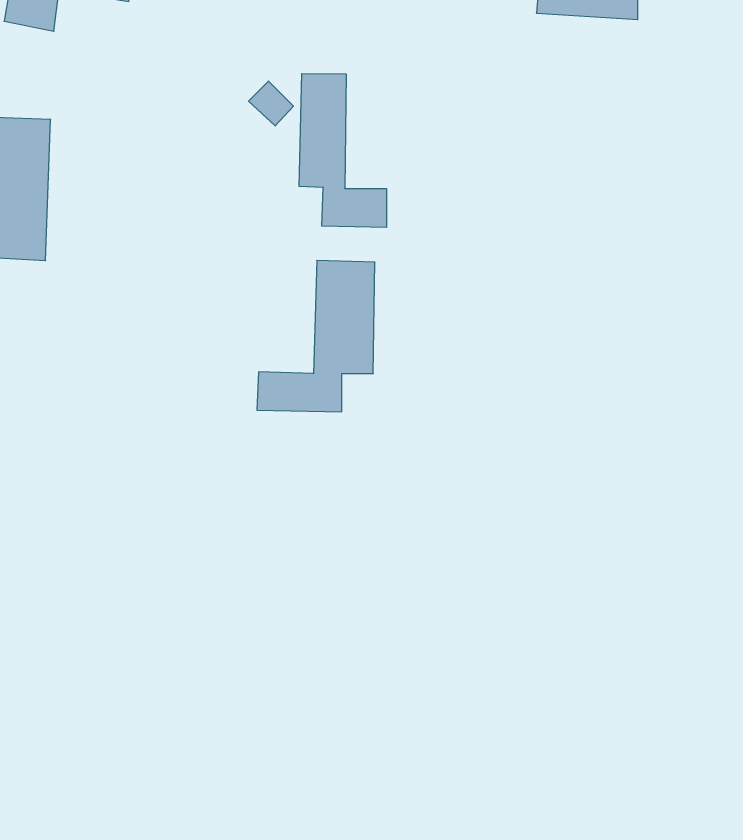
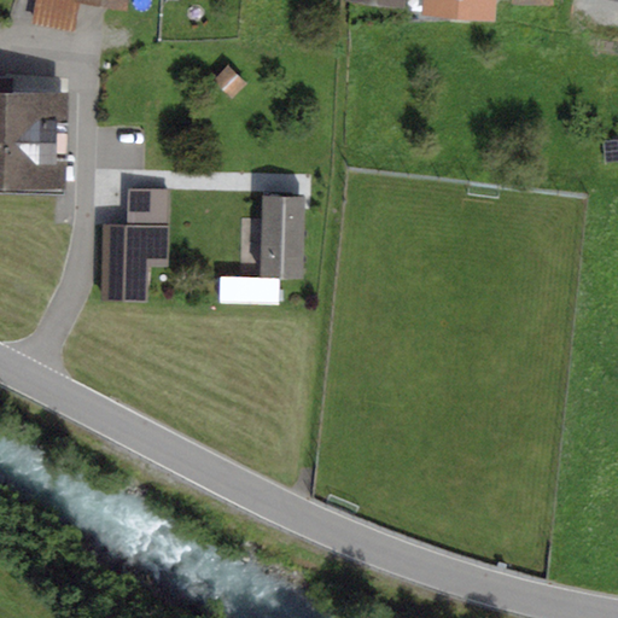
building: [299,74,386,227] -> none
building: none -> [99,188,169,301]

